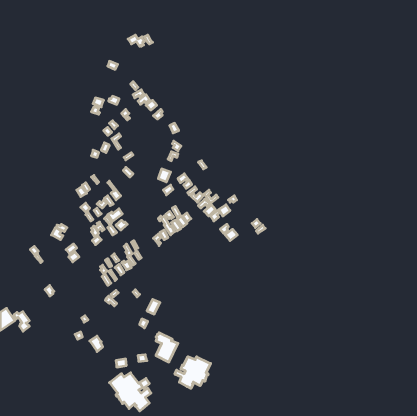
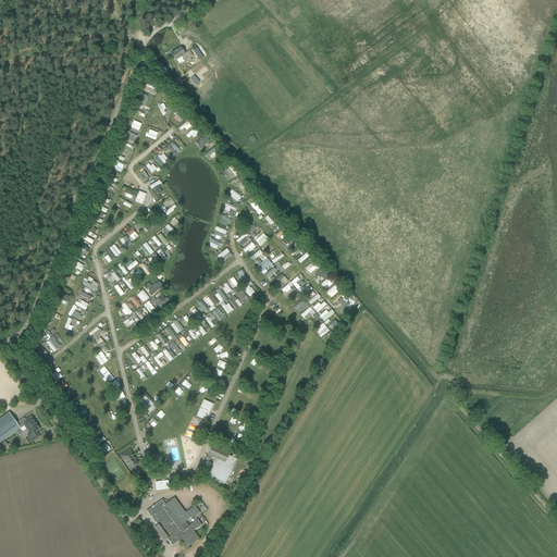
building: [175,357,211,388] -> none

